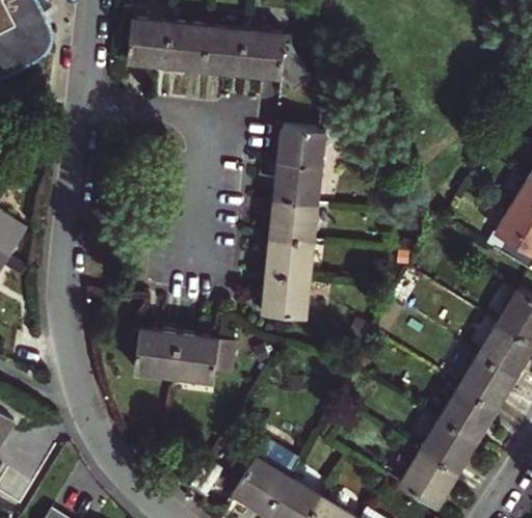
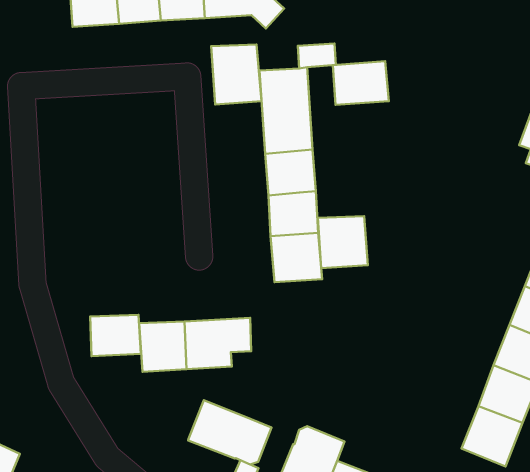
building: none -> [211,44,262,104]
building: none -> [333,61,389,105]
building: none -> [318,216,368,268]
building: none -> [90,315,141,356]
building: none -> [188,400,272,464]

